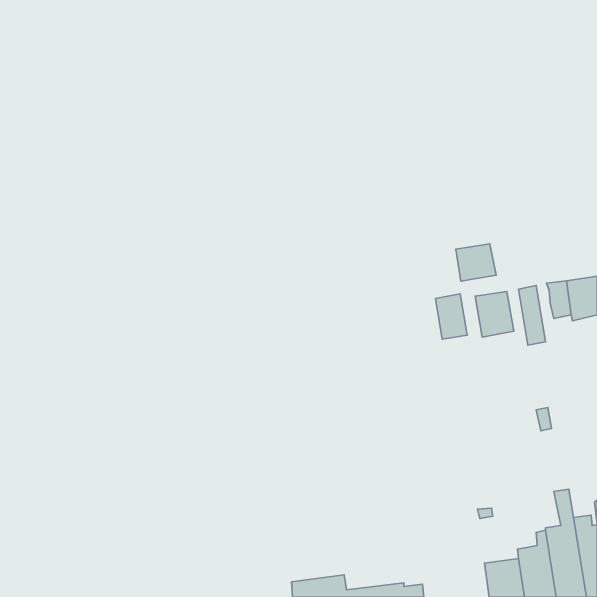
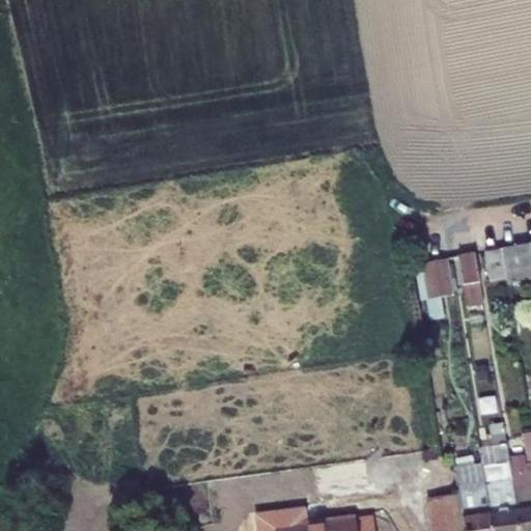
building: [456,244,496,281] -> none
building: [436,294,467,339] -> none

